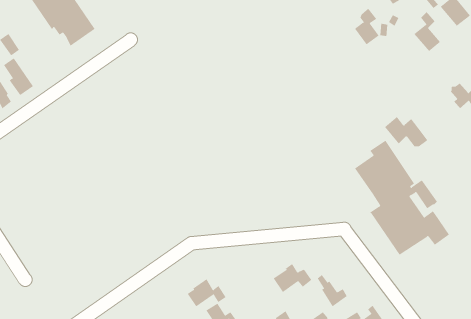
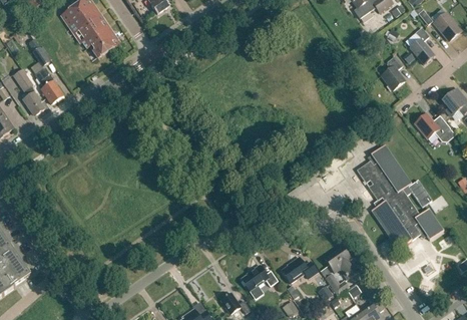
building: [354,8,379,45] -> [382,55,405,89]
building: [384,116,428,147] -> [415,112,455,140]
building: none -> [325,245,359,279]
building: [187,279,226,307] -> [242,264,278,290]

